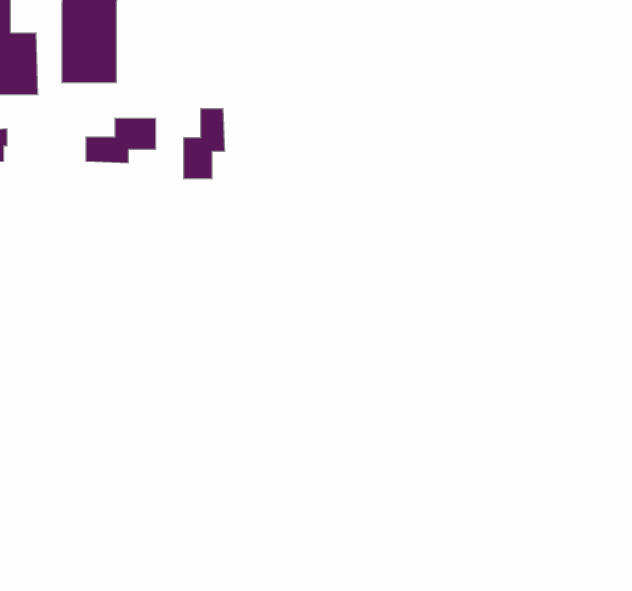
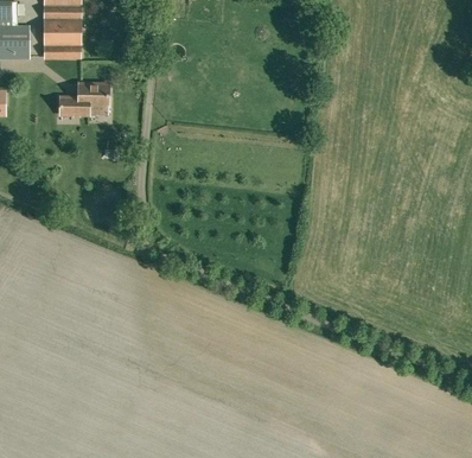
building: [184,108,225,179] -> none

